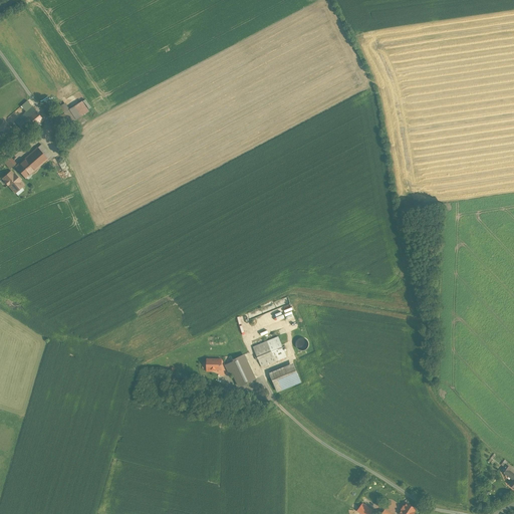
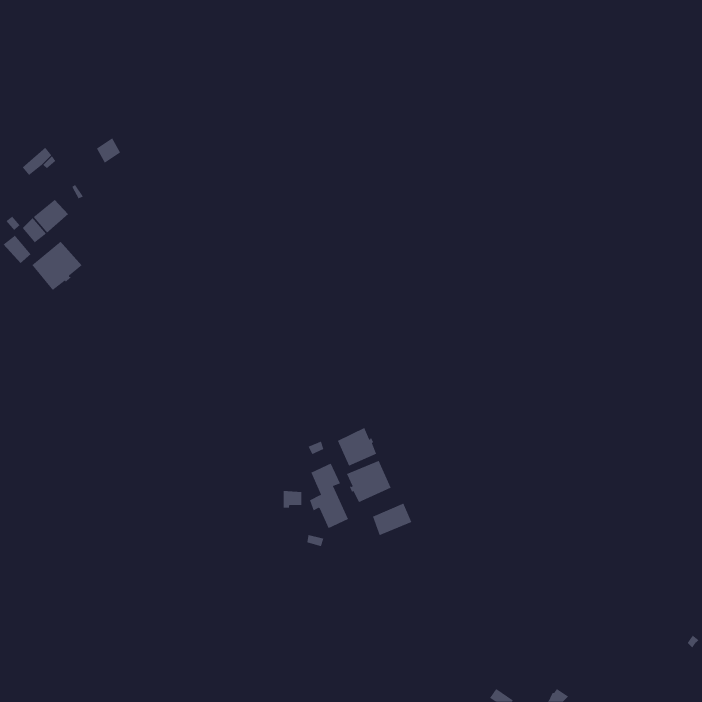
building: none -> [32,241,83,291]
building: none -> [337,427,377,466]

